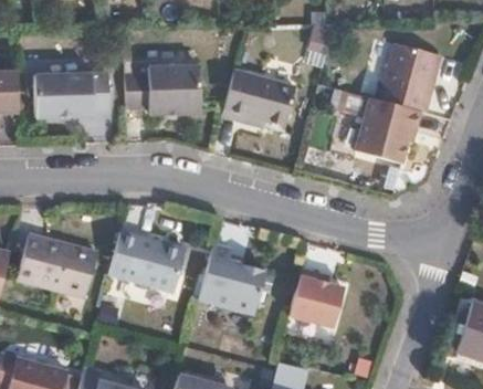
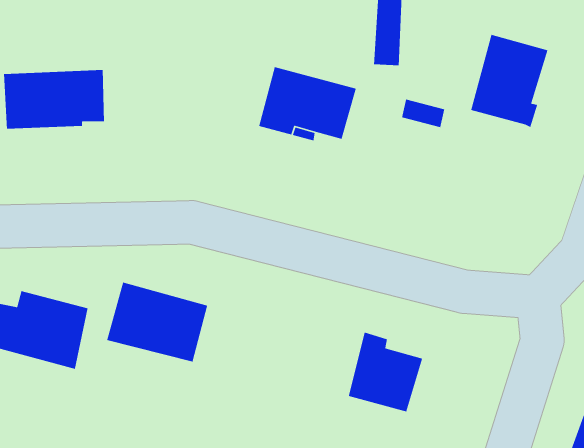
building: [123,64,199,112] -> none
building: [356,98,422,165] -> none
building: [202,244,267,302] -> none

